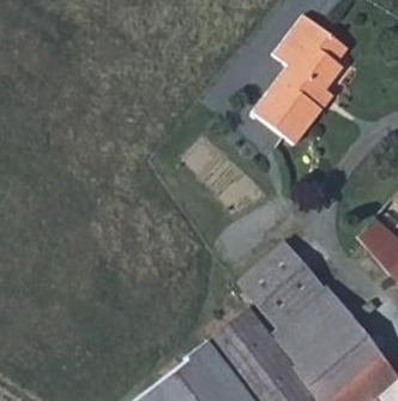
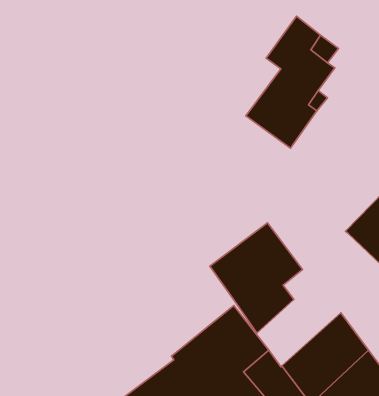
building: [267,271,351,367] -> none

